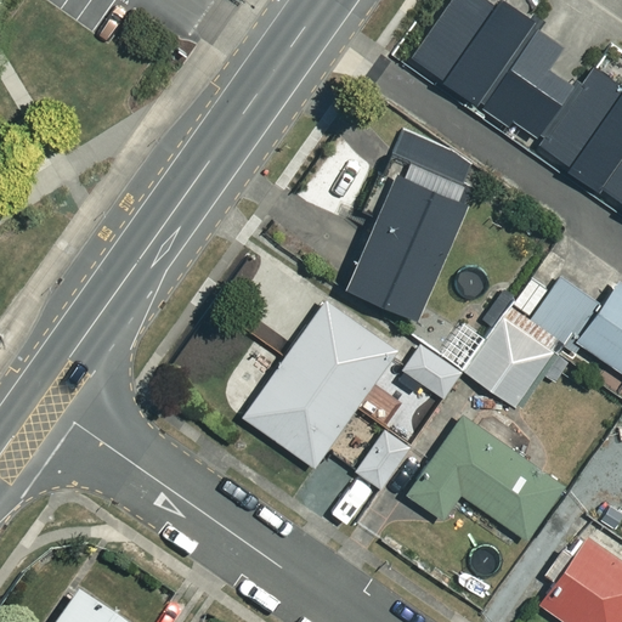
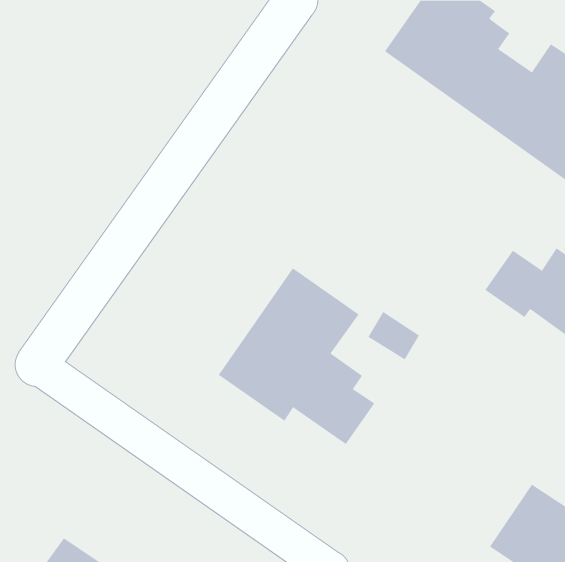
building: [347,164,465,313] -> none
building: [408,318,564,541] -> none

